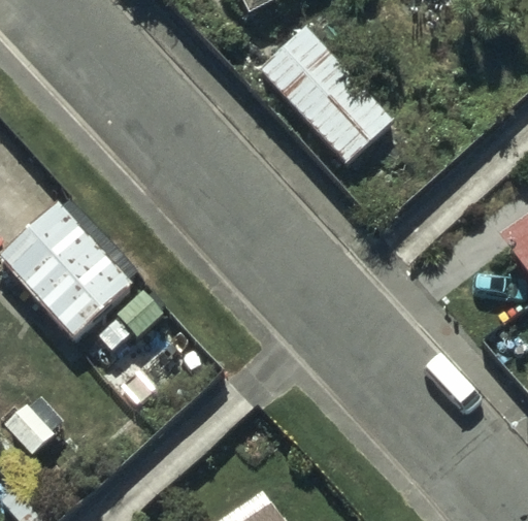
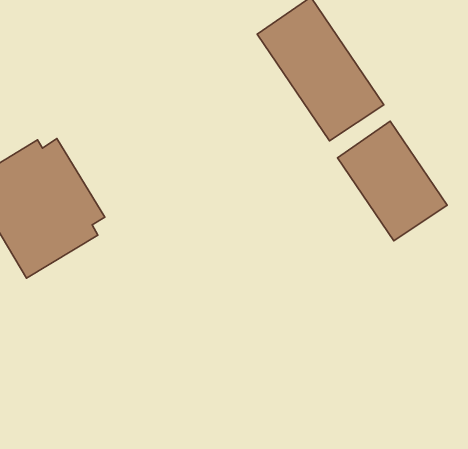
building: none -> [337,121,447,241]

